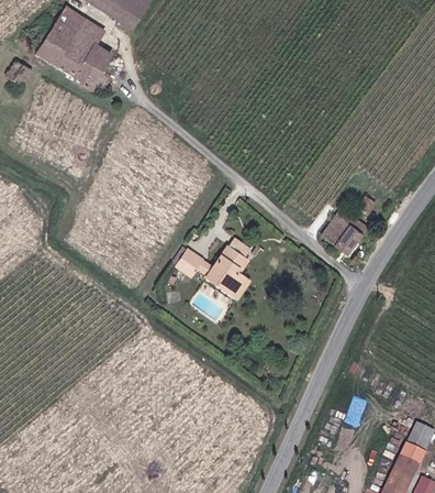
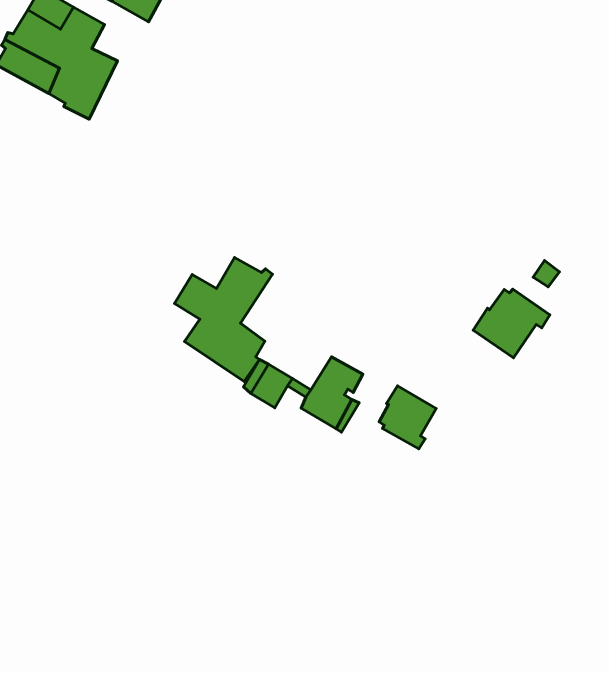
building: none -> [175,257,272,382]
building: none -> [379,386,436,449]

